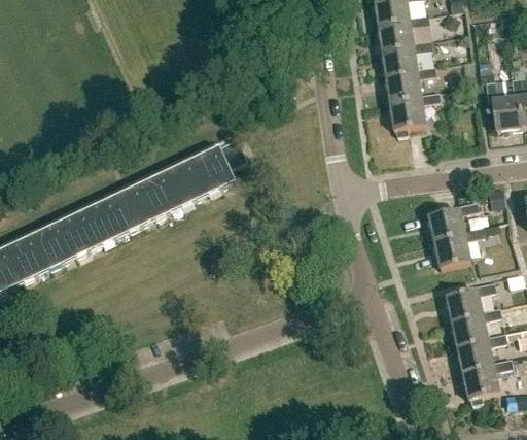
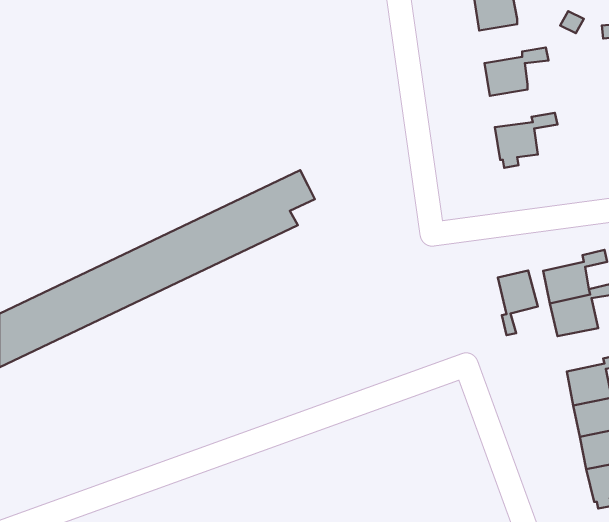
building: [378,12,428,50] -> none
building: [386,64,436,101] -> none
building: none -> [498,271,538,335]

